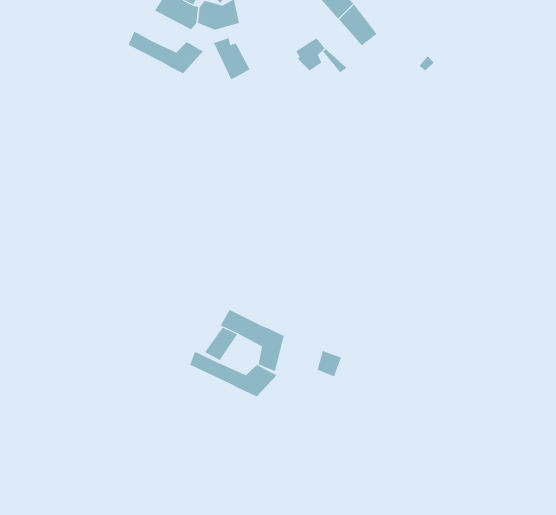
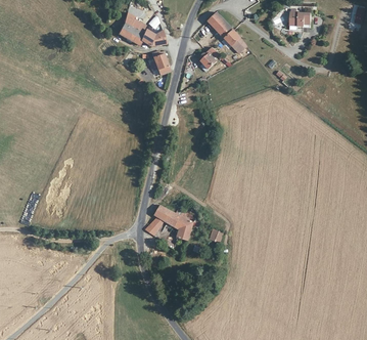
building: [128,31,204,74] -> none
building: [190,351,278,397] -> none

